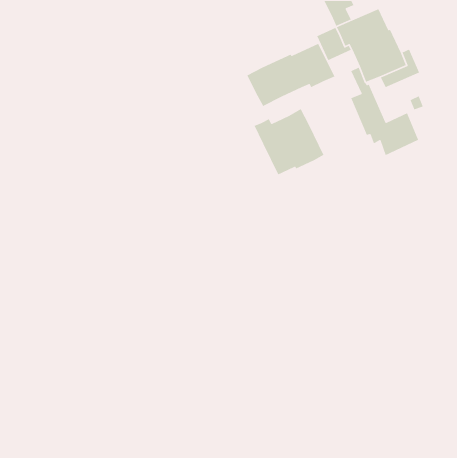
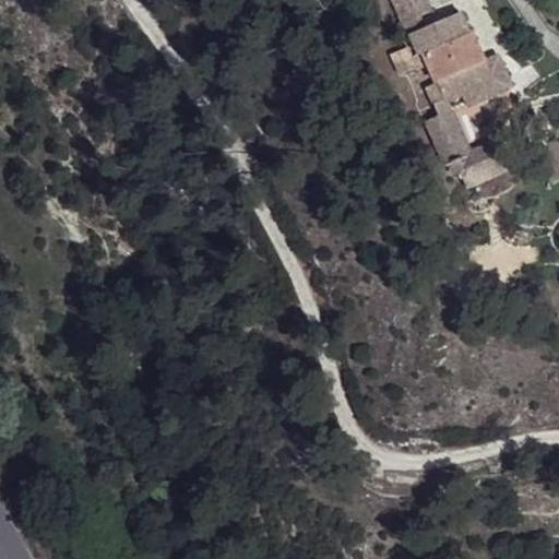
building: [246,43,335,107] -> none
building: [254,108,325,175] -> none

